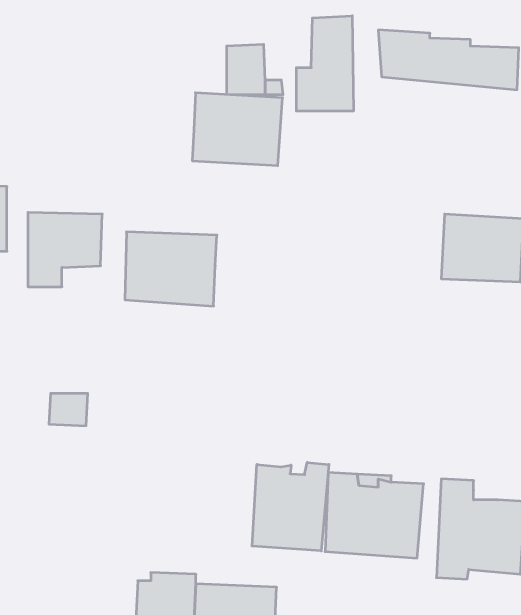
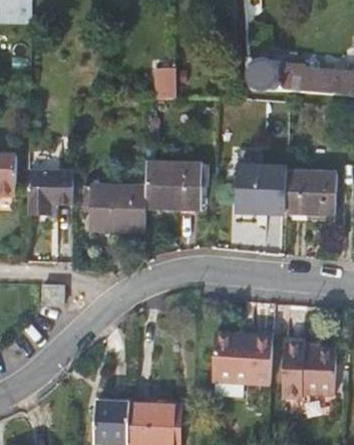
building: [296,16,353,111] -> none
building: [192,93,283,166] -> [144,162,201,207]
building: none -> [235,167,287,212]
building: [252,462,329,551] -> none

